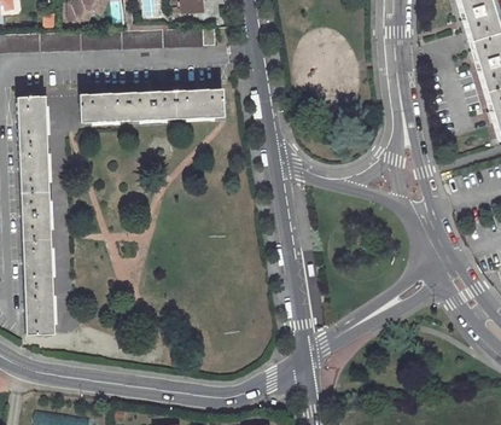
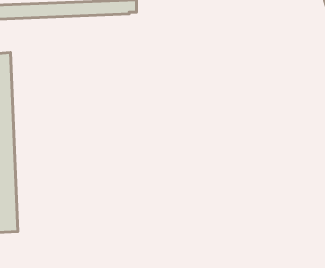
building: [78,88,223,123] -> none

